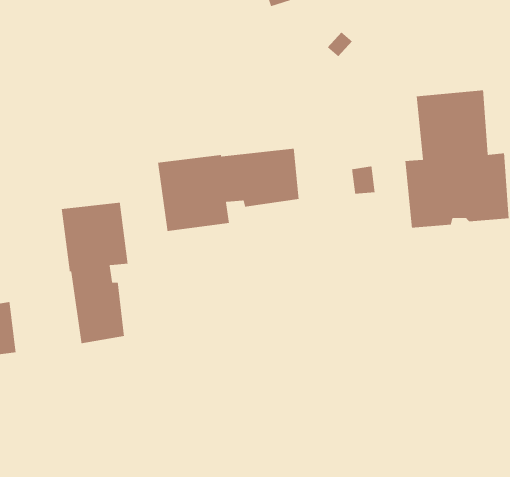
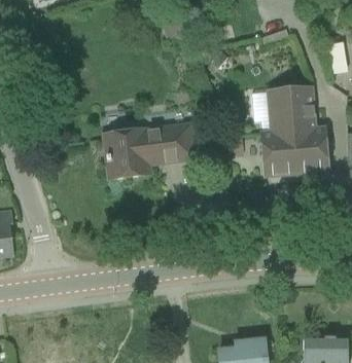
building: [61,202,129,344] -> none

